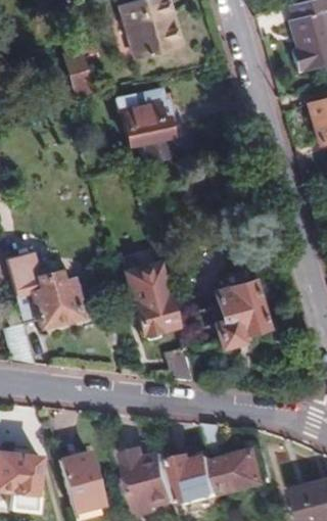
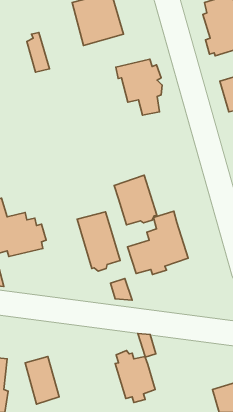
building: [115,91,174,161] -> [116,59,162,115]
building: none -> [114,175,157,225]
building: [130,446,181,514] -> none
building: [217,446,273,491] -> none

